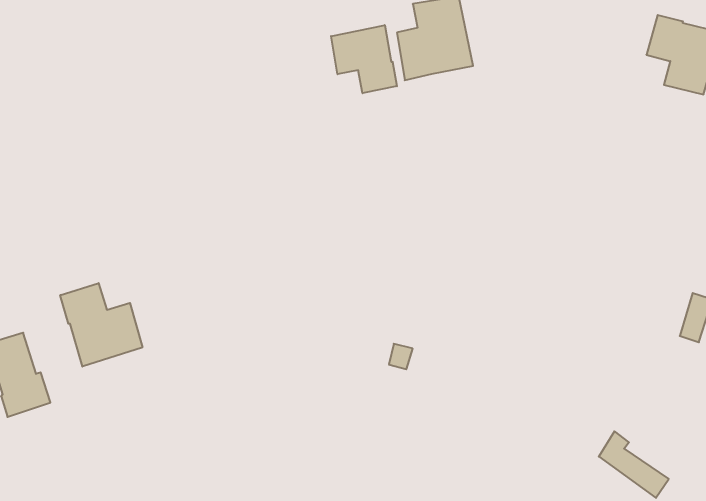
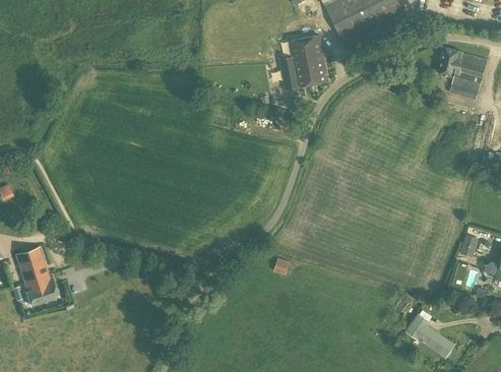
building: [331,25,397,93] -> none
building: [60,283,142,367] -> none

